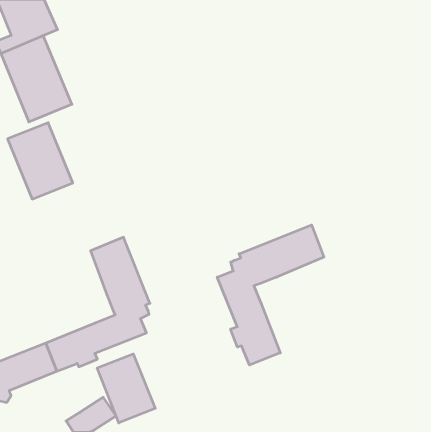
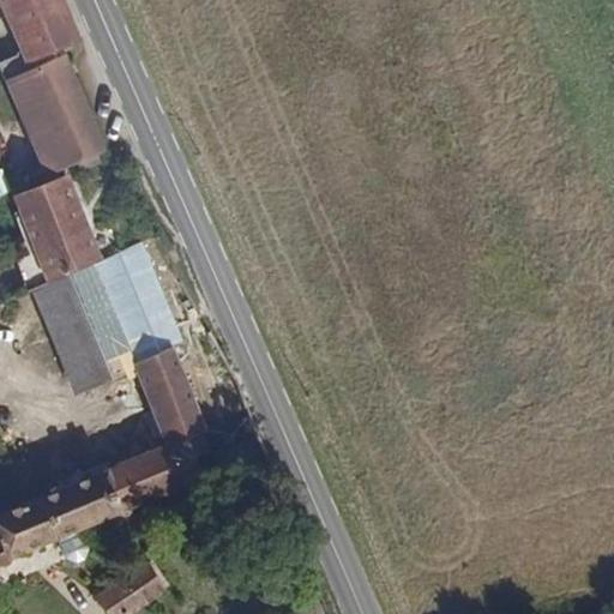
building: none -> [28,242,181,381]
building: [217,225,324,365] -> none
building: [97,354,155,423] -> none

